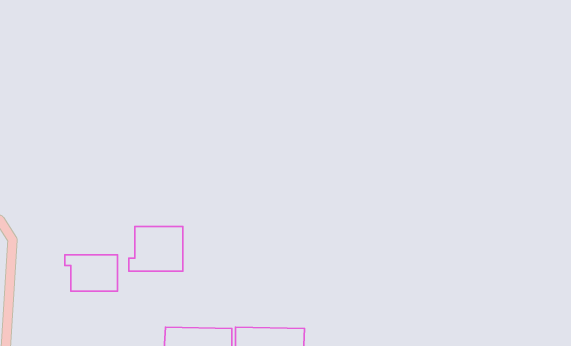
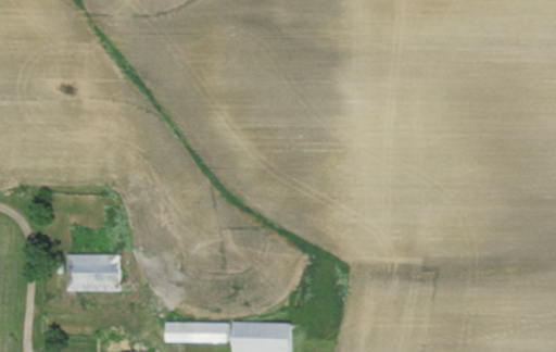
building: [129,226,183,271] -> none

